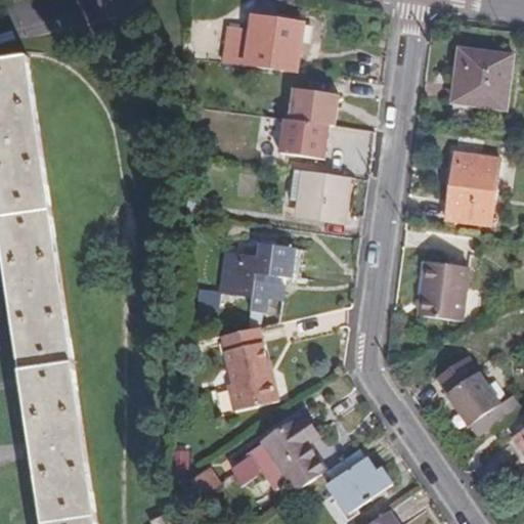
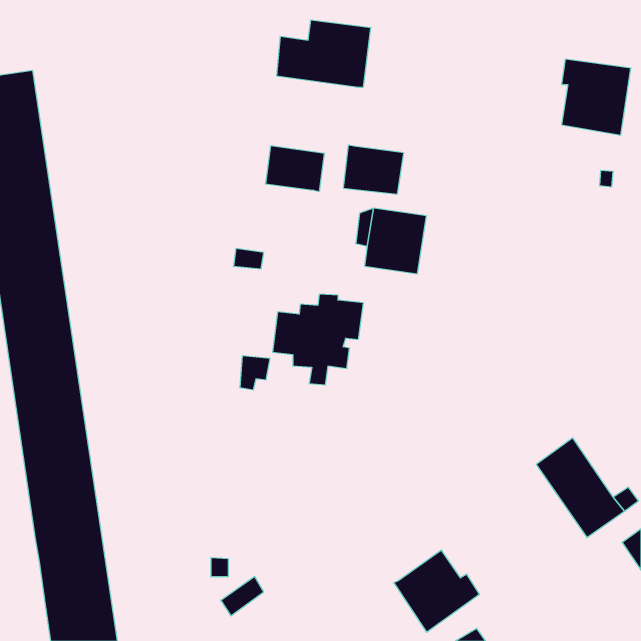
building: [289,88,337,125] -> [265,146,325,191]
building: [439,152,496,223] -> none
building: [420,260,467,318] -> none
building: [220,328,277,410] -> none
building: [227,413,323,490] -> none

